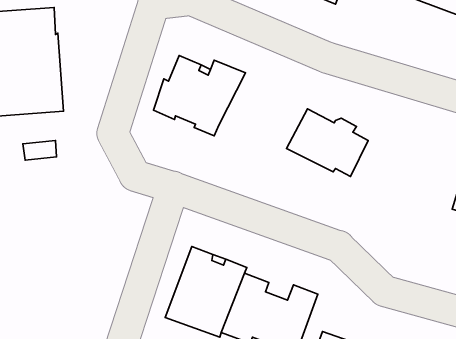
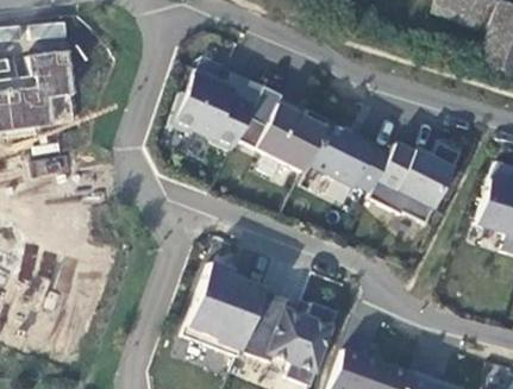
building: none -> [237,84,329,170]
building: none -> [368,142,461,221]

